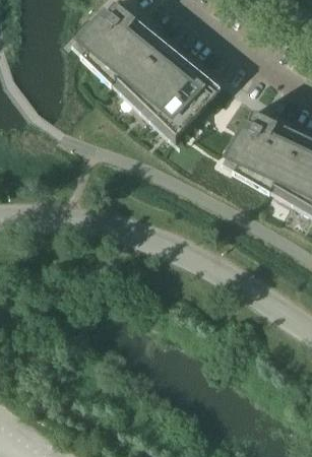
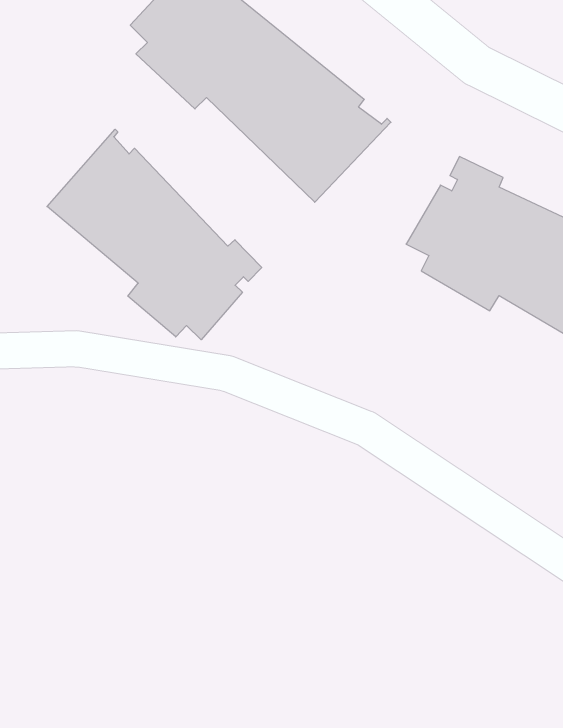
building: none -> [47,129,262,340]

